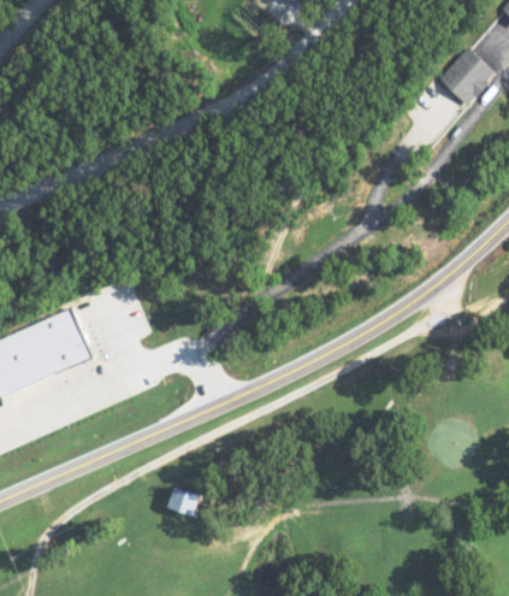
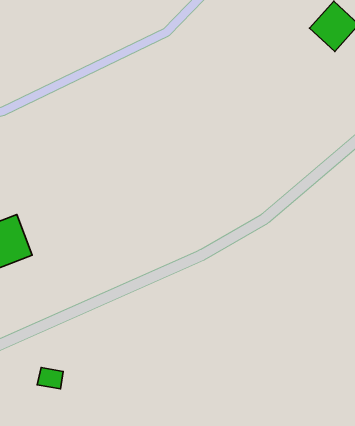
building: [168,489,201,515] -> [37,368,63,389]

